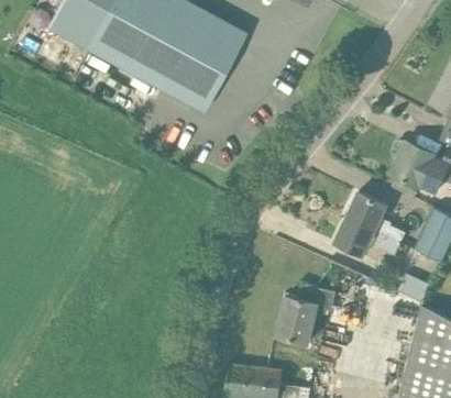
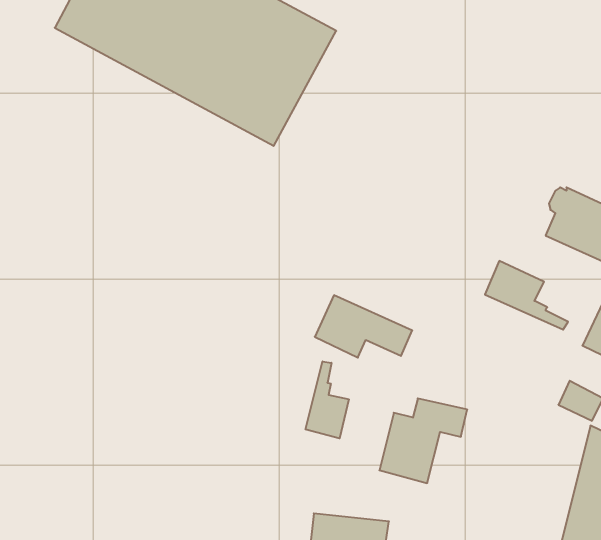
building: [336,214,403,257] -> [315,295,412,358]
building: none -> [306,361,349,438]

